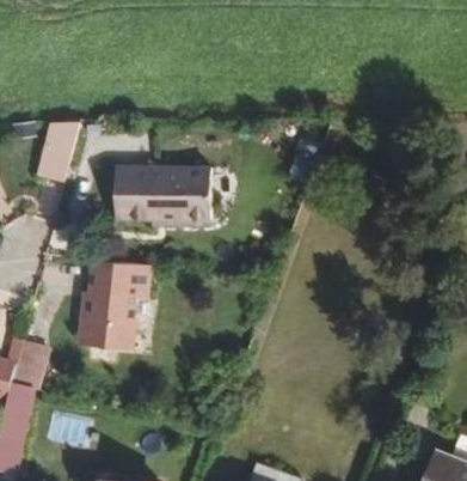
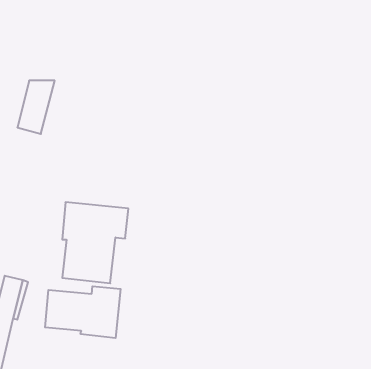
building: [113,168,209,219] -> none
building: none -> [45,286,121,338]

